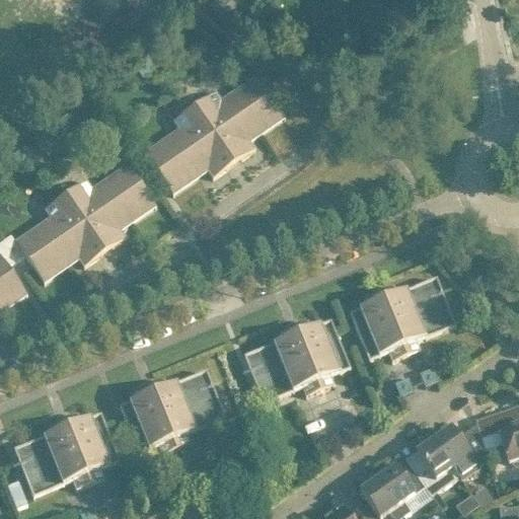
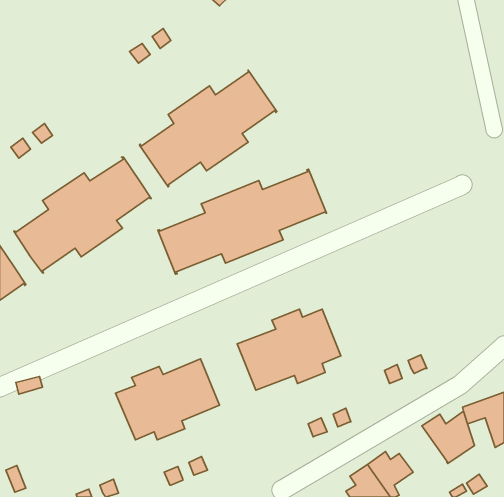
building: none -> [158,169,326,274]
building: [349,275,455,359] -> none
building: [13,411,120,494] -> none
building: [410,437,459,493] -> none

